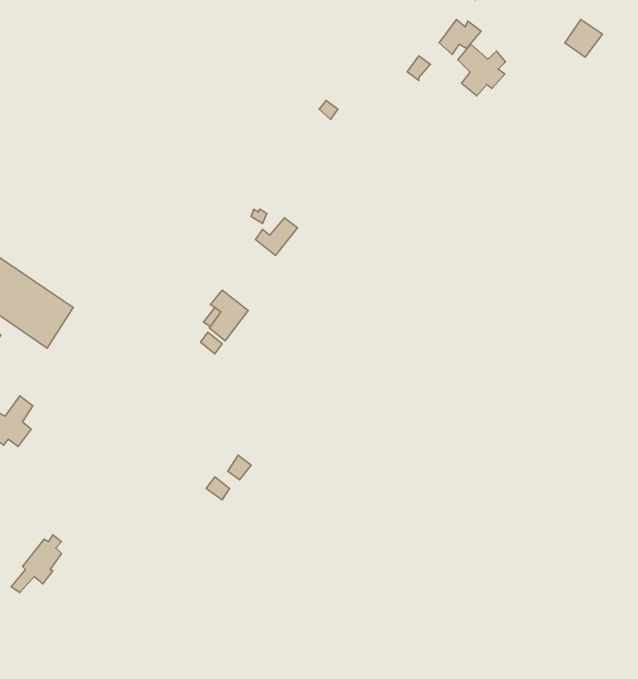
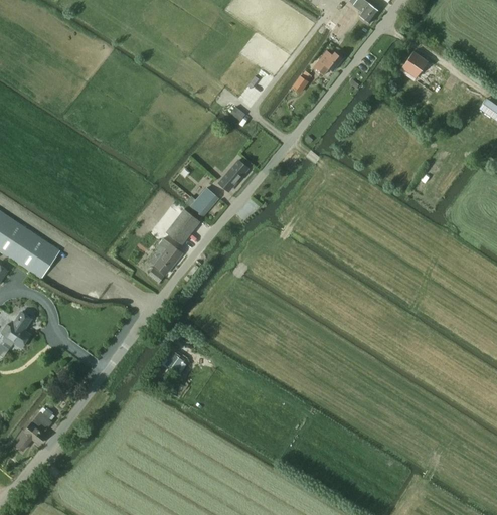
building: [458,44,505,96] -> none
building: none -> [220,157,247,191]
building: none -> [165,208,200,244]

